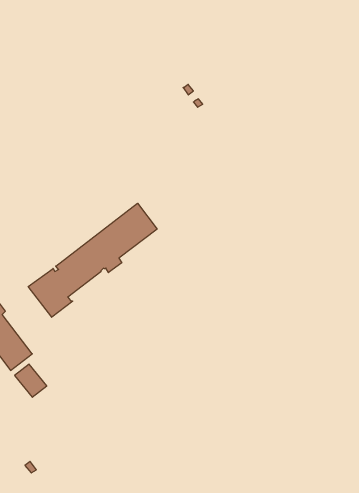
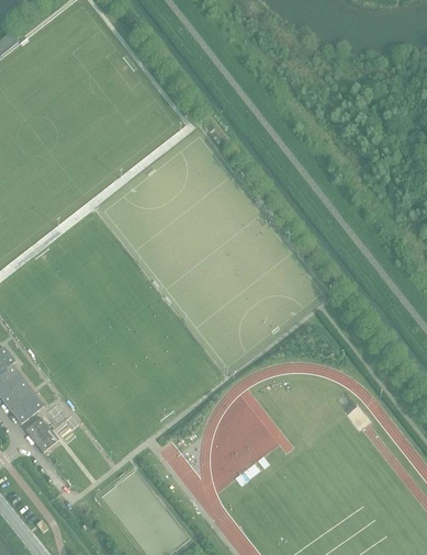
building: [28,203,157,317] -> none

